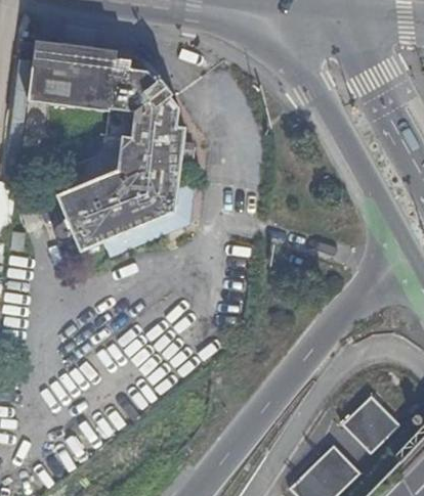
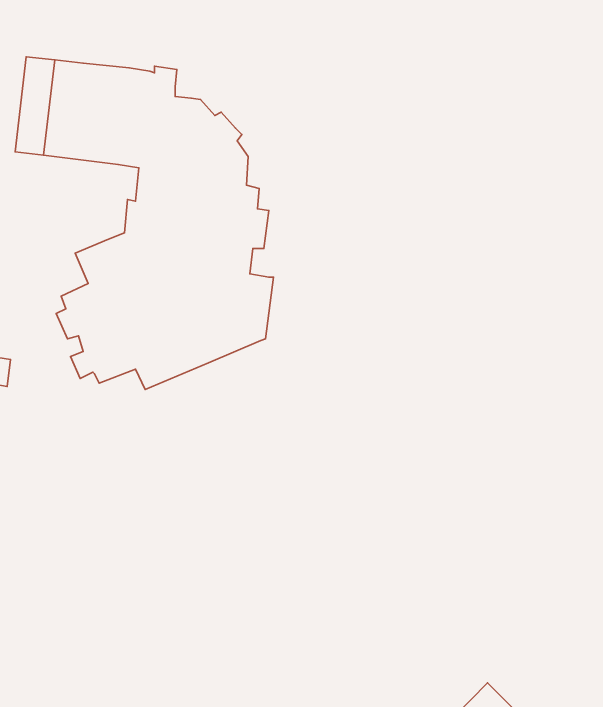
building: [344,395,401,451] -> none

